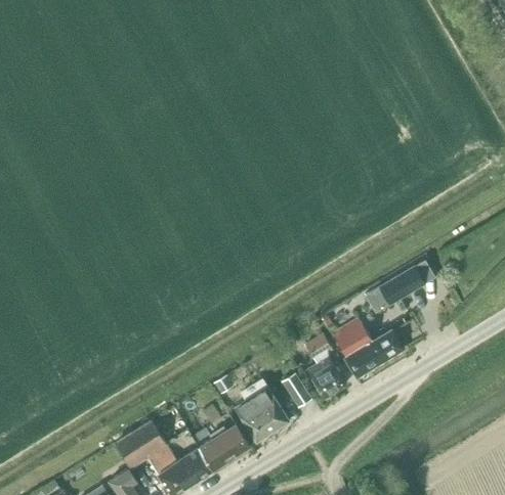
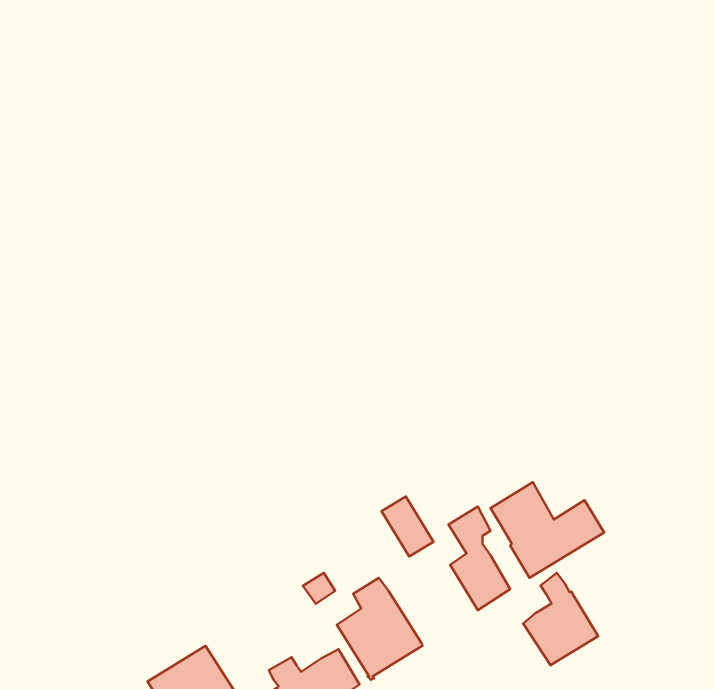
building: [379,265,425,305] -> none
building: [281,370,313,408] -> [382,497,433,557]
building: none -> [523,573,598,665]

